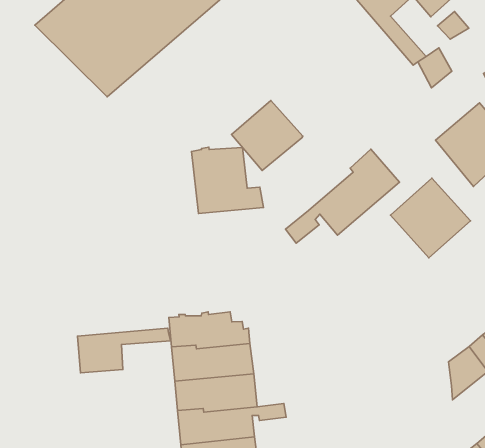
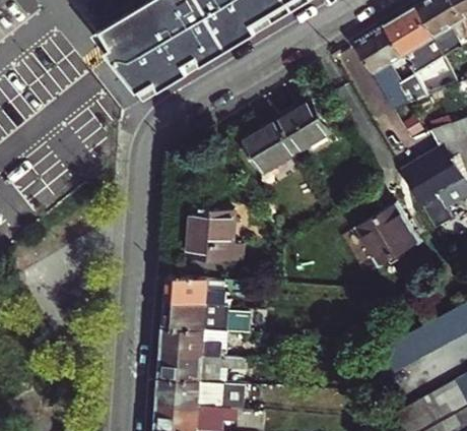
building: none -> [277,99,330,151]
building: [192,147,263,214] -> [189,204,241,259]
building: [286,149,399,243] -> none
building: [77,328,171,373] -> none

